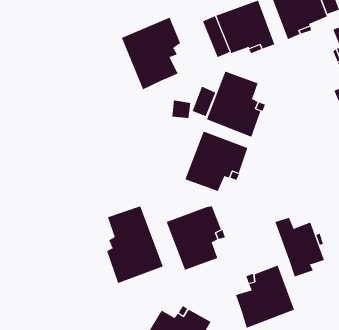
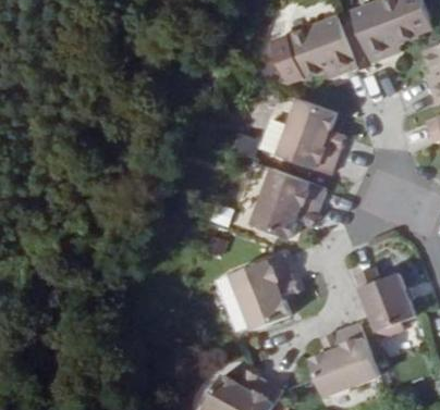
building: [121,17,181,90] -> none
building: [106,205,163,284] -> none

